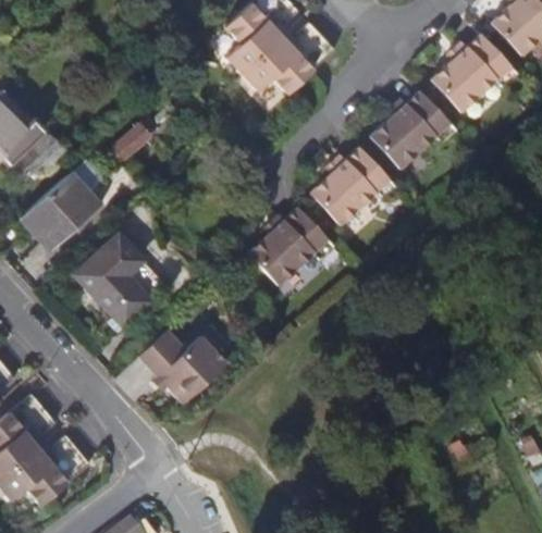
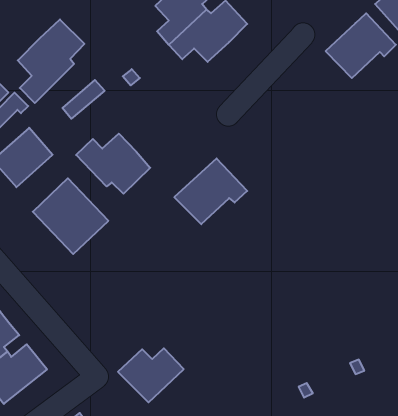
building: none -> [18,19,84,103]
building: [368,91,452,171] -> none
building: [306,148,393,228] -> none
building: none -> [76,134,150,194]
building: [138,327,218,393] -> [118,348,184,402]

